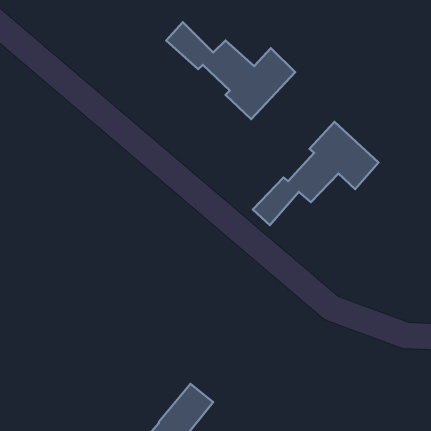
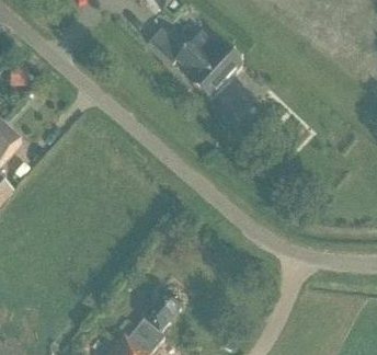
building: [253,122,379,225] -> none

